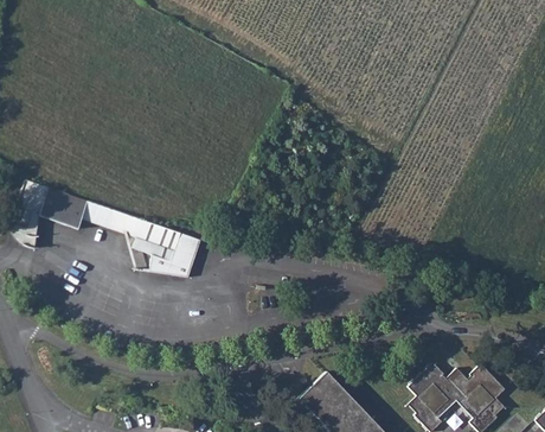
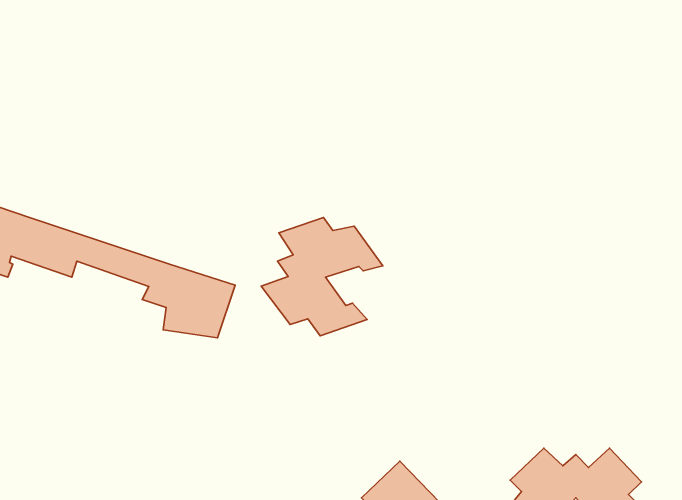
building: none -> [261,217,383,336]

